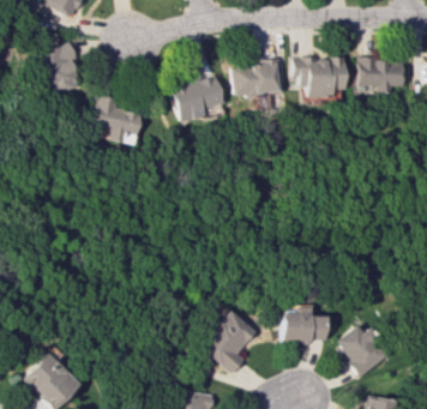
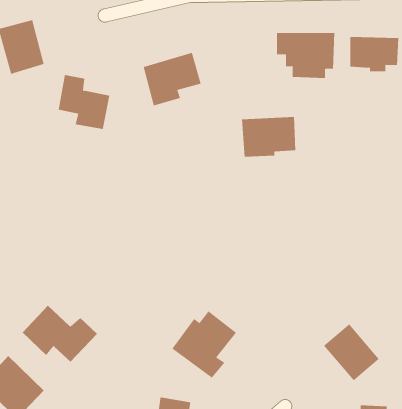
building: [230,61,281,98] -> [241,117,296,157]
building: none -> [22,305,98,362]
building: [281,306,326,343] -> none

